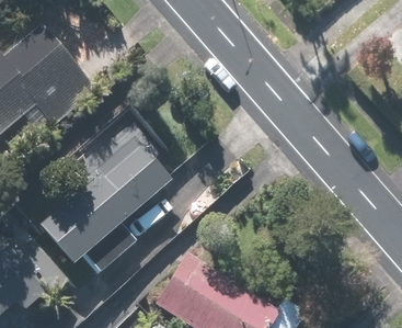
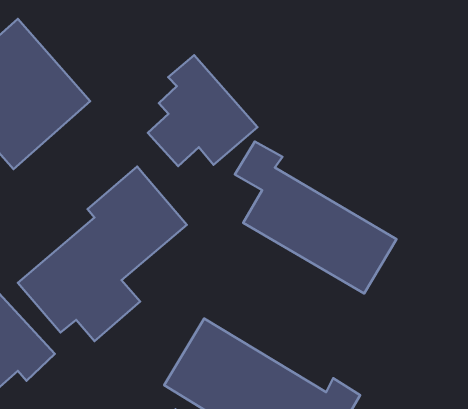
building: none -> [148,55,257,166]
building: none -> [235,141,397,293]

